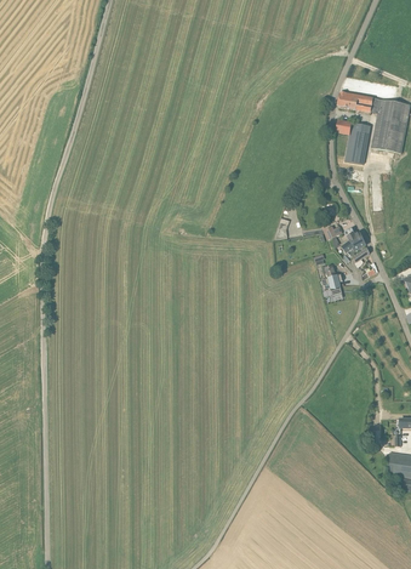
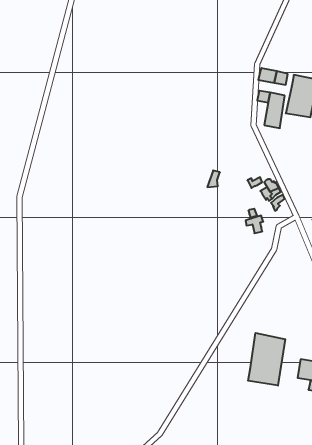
building: none -> [248,333,285,386]

